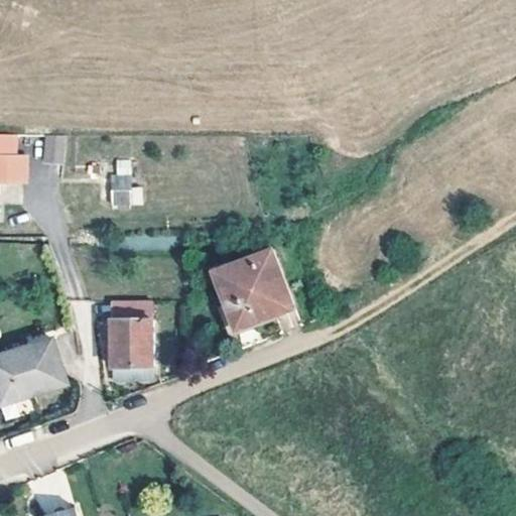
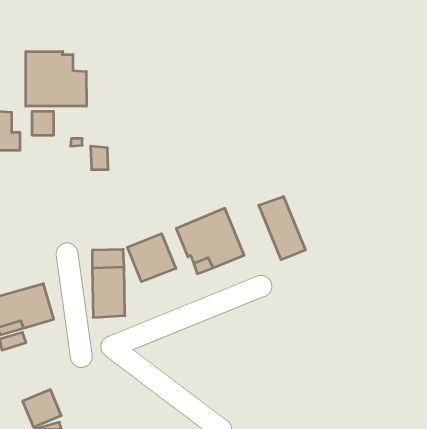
building: none -> [26,51,86,106]
building: none -> [259,196,305,260]
building: none -> [127,234,176,282]

